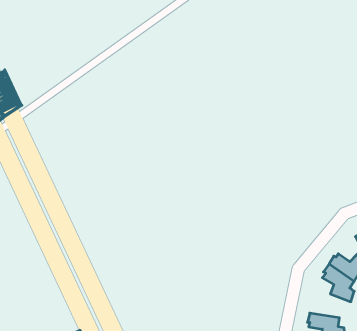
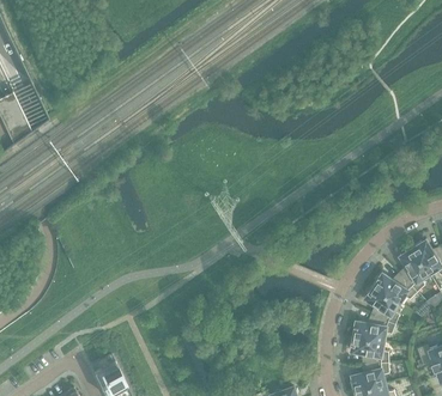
building: none -> [352,316,395,341]

